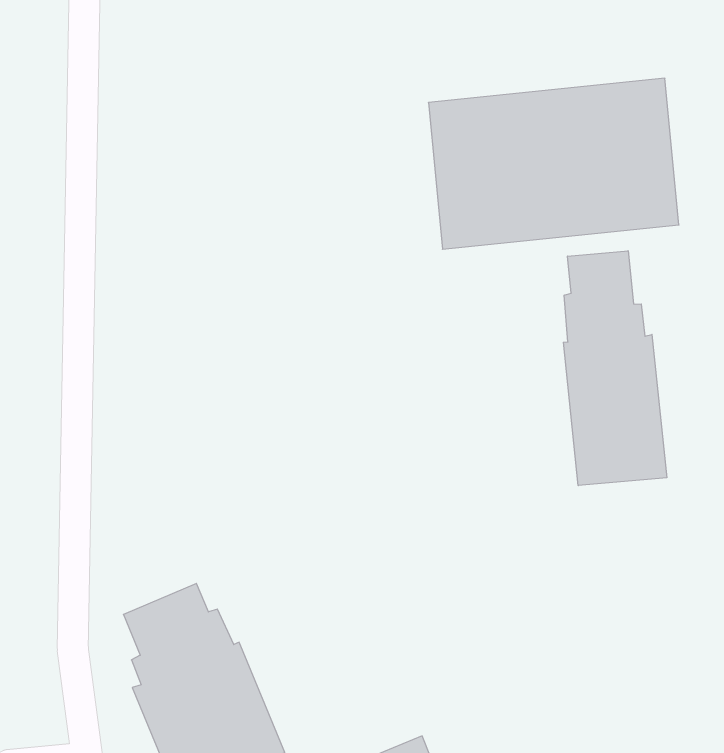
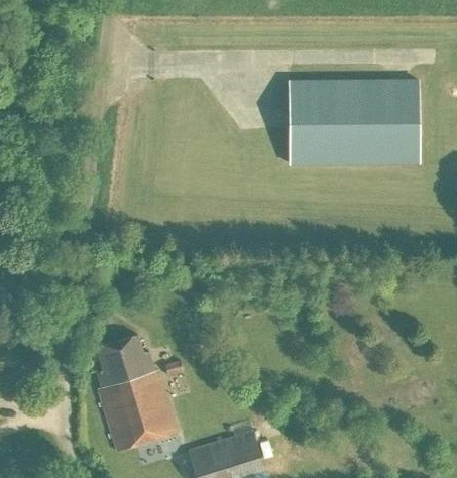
building: [563,251,667,486] -> none

